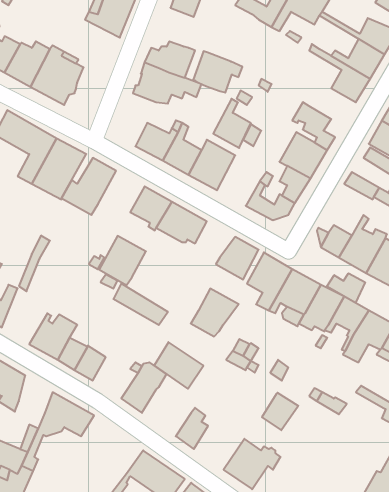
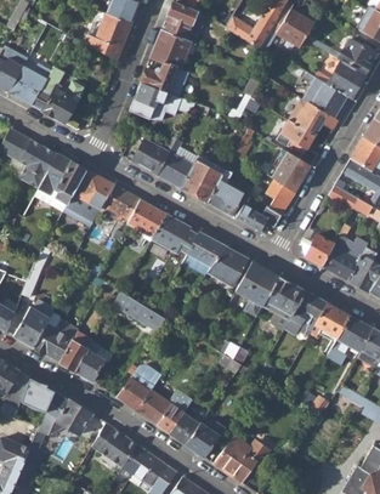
building: [193,51,242,93] -> [151,30,197,69]
building: none -> [287,98,338,136]
building: [213,99,251,148] -> [208,170,243,216]
building: [99,236,146,285] -> [96,184,140,231]
building: [327,273,365,303] -> none
building: [191,289,239,336] -> [180,232,225,277]
building: none -> [12,299,53,347]
building: [154,342,203,389] -> [137,390,183,433]
building: none -> [22,376,53,411]
building: [262,393,298,430] -> [186,422,220,458]
building: none -> [92,424,138,469]

